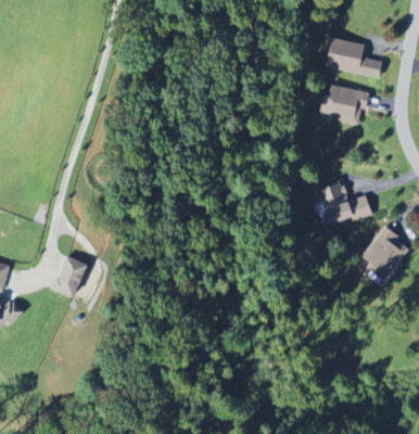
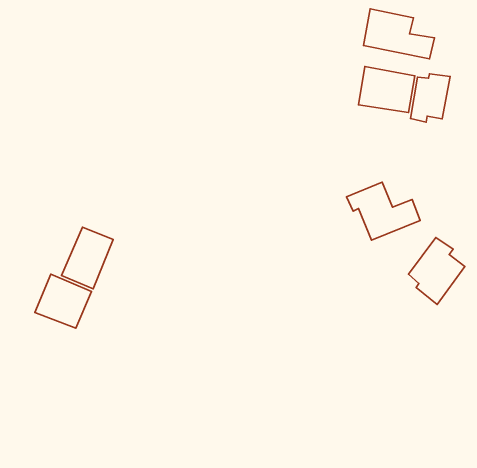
building: none -> [410,74,450,122]
building: none -> [62,227,113,289]

